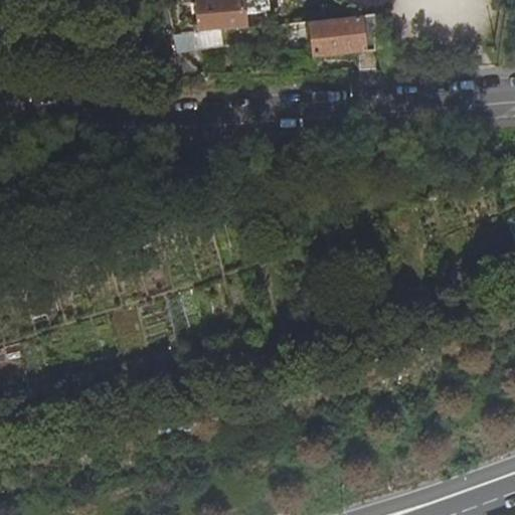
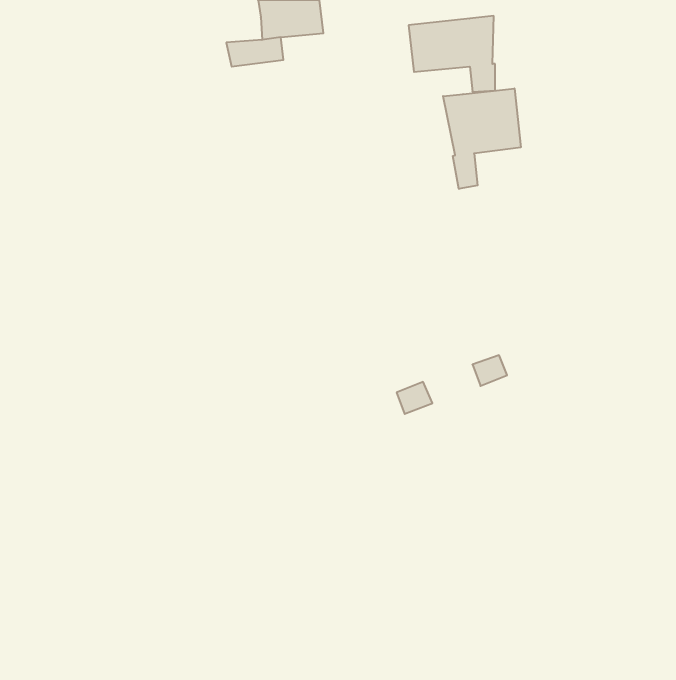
building: none -> [443,88,521,189]

